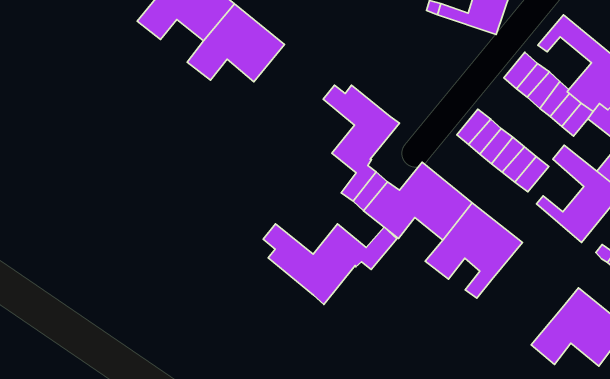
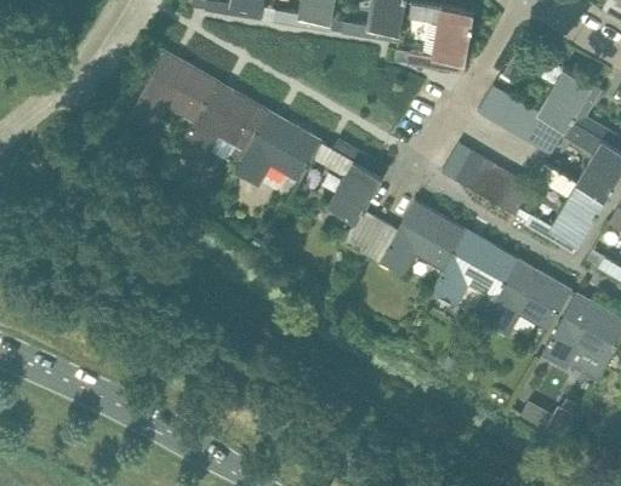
building: none -> [234,113,321,187]
building: [263,224,397,304] -> none
building: none -> [483,261,570,335]

